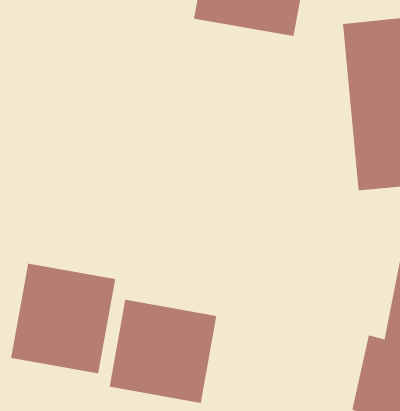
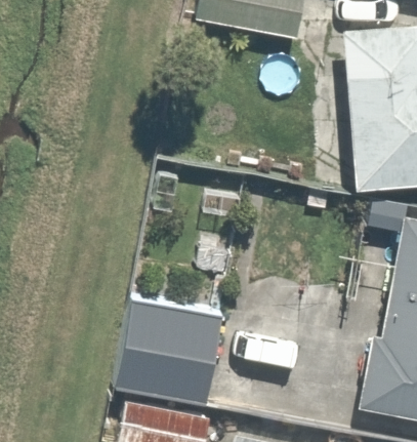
building: [10,263,116,374] -> none

